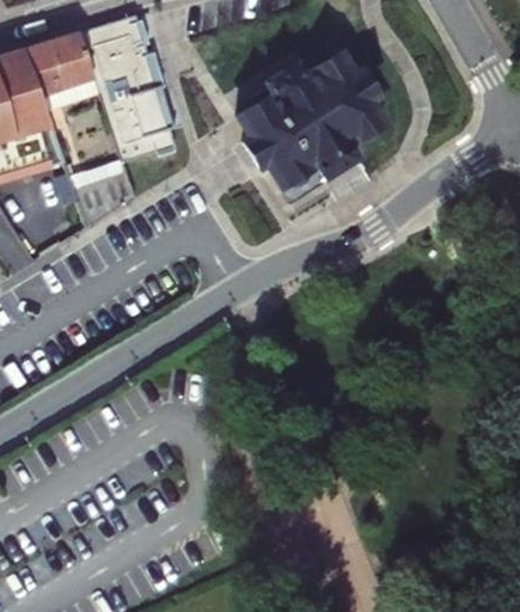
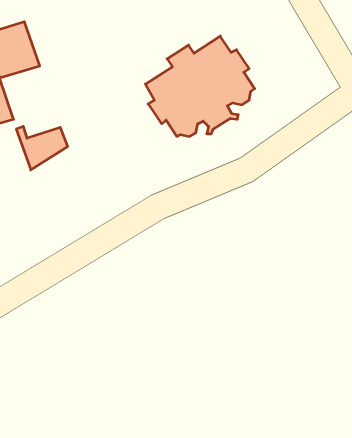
building: [78,12,173,158] -> none

